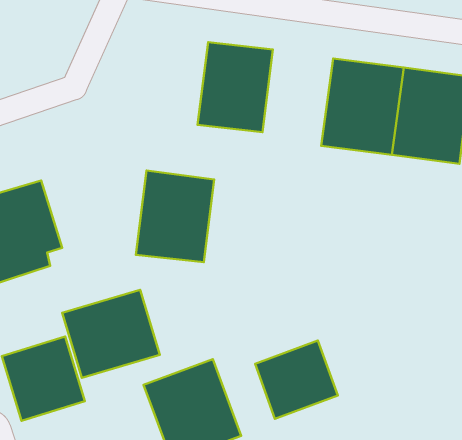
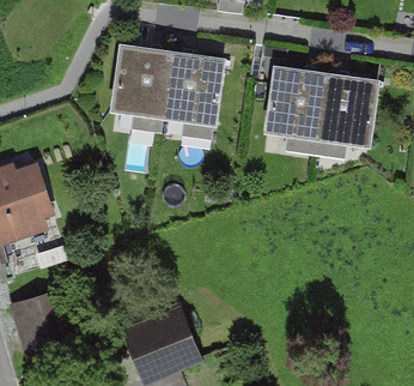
building: [136,171,214,262] -> [111,46,173,119]
building: [62,290,160,378] -> none
building: [255,340,338,419] -> none

